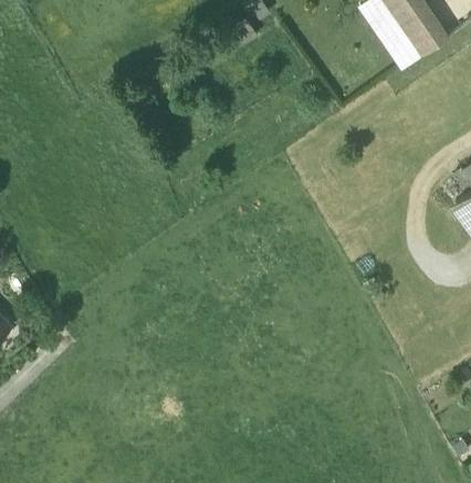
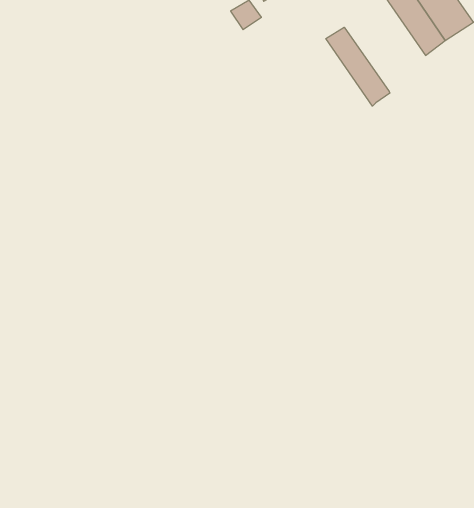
building: none -> [326,27,390,106]

